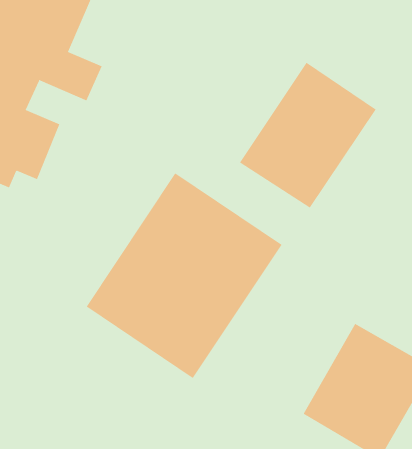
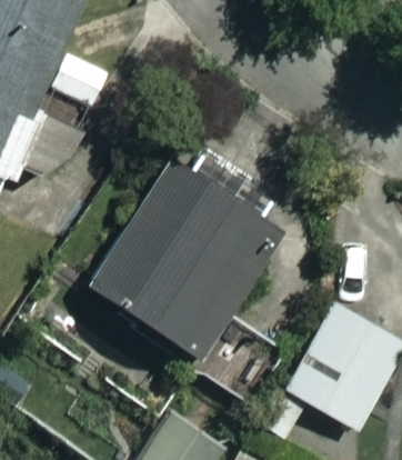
building: [239,62,377,209] -> none

